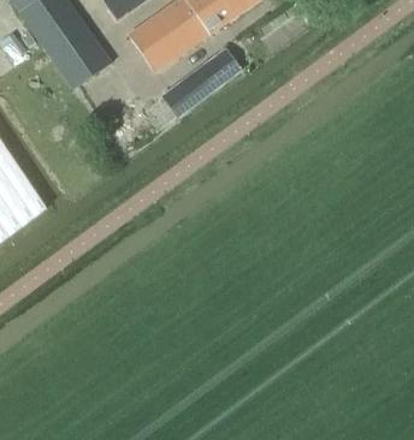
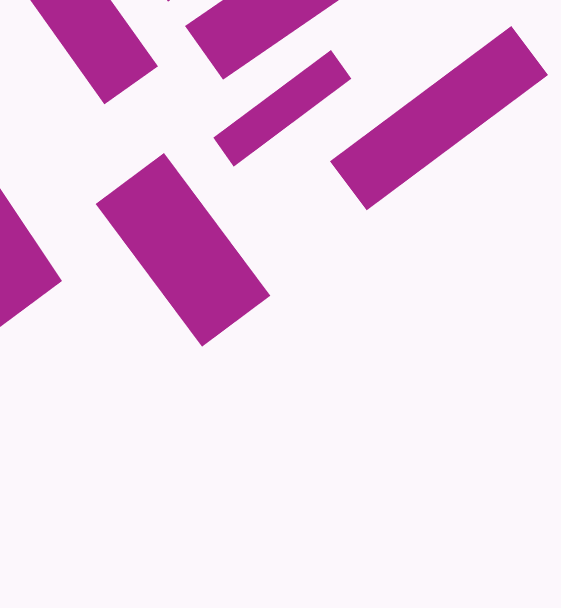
building: none -> [329,25,549,211]
building: none -> [95,152,271,348]

